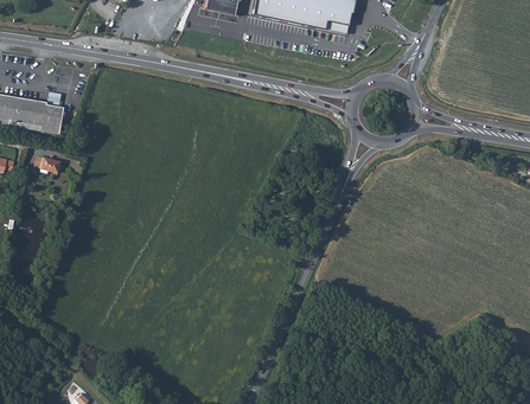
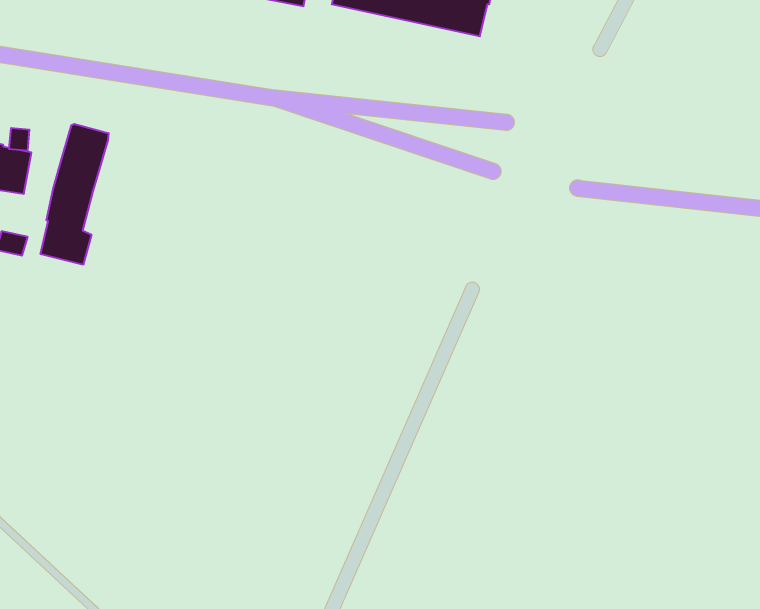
building: none -> [41,124,109,265]

